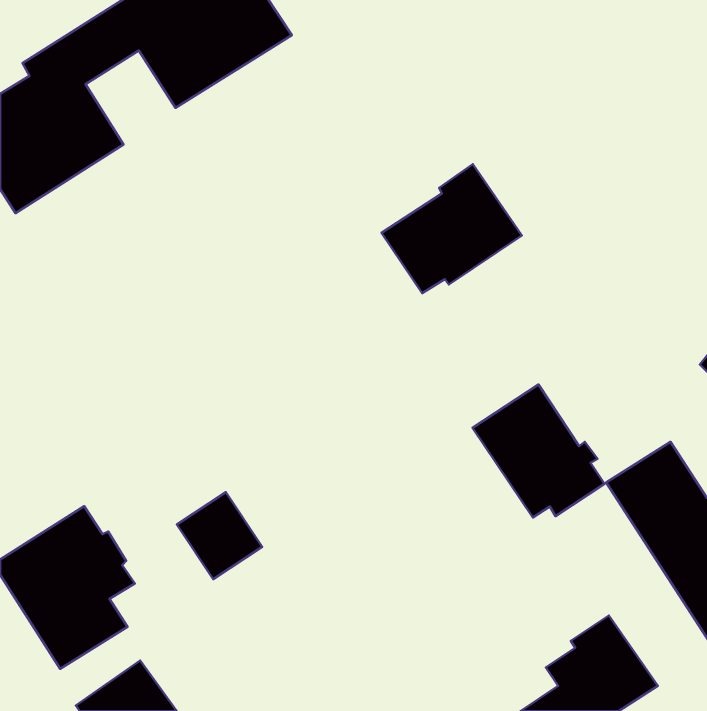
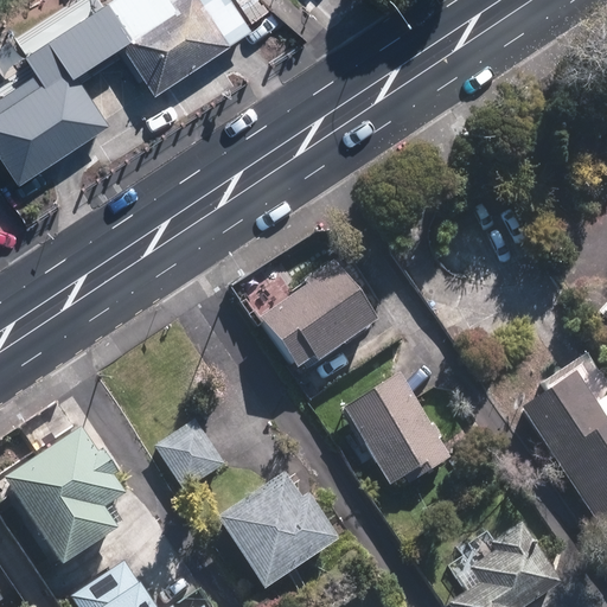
building: [382,164,522,293] -> [258,260,377,369]
building: [473,384,604,518] -> [340,371,452,484]
building: none -> [213,473,337,590]

